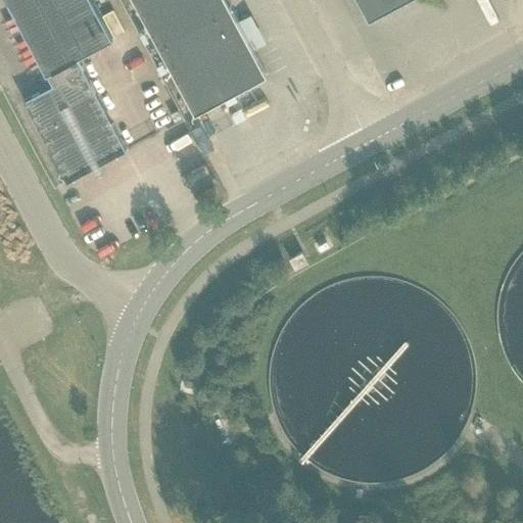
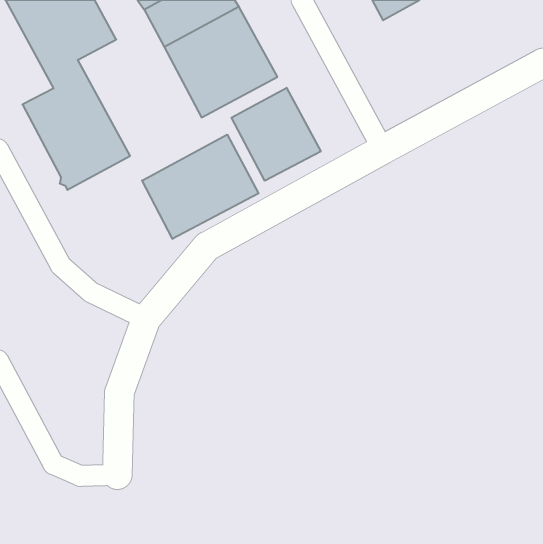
building: none -> [231,88,321,181]
building: none -> [142,135,259,239]

